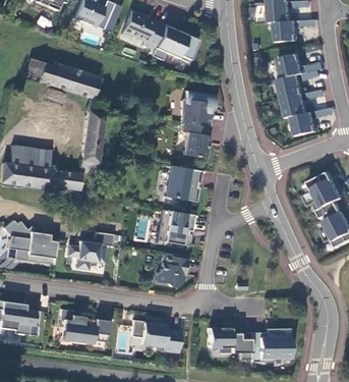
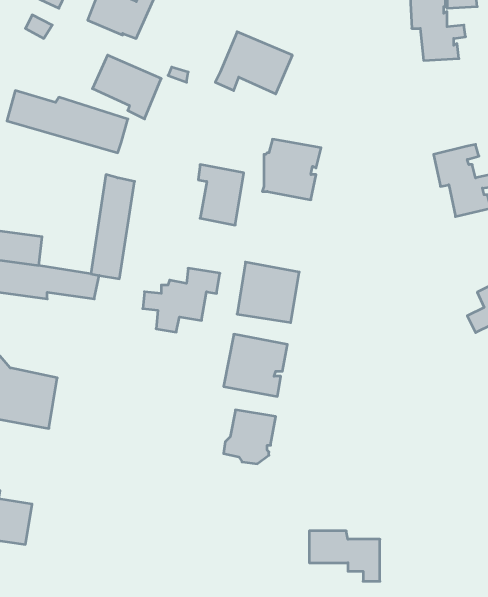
building: [124,11,166,50] -> [92,55,161,119]
building: [280,56,310,100] -> none
building: [183,122,211,159] -> [198,165,244,225]
building: [69,231,116,270] -> [143,268,220,332]
building: [61,309,112,343] -> none
building: [132,320,182,352] -> none
building: [252,329,292,363] -> none

